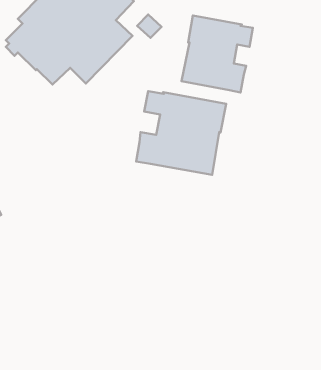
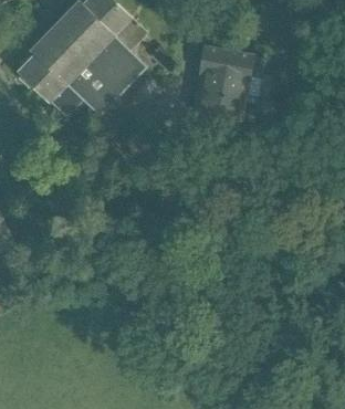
building: [136,91,226,175] -> none

